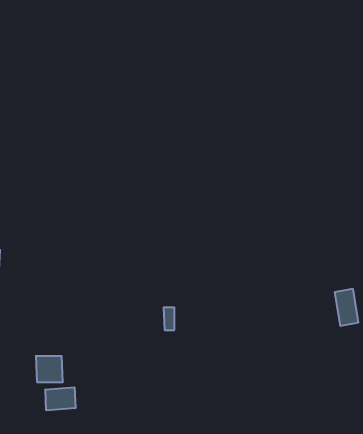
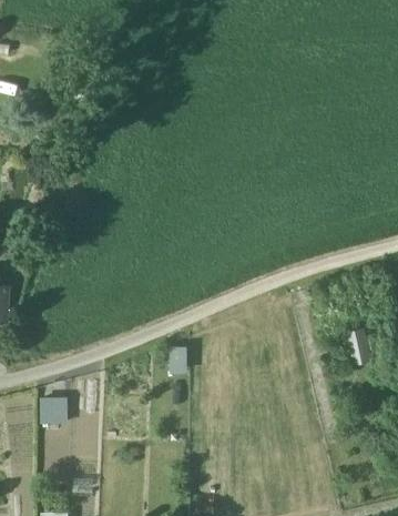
building: [45,387,75,410] -> none

